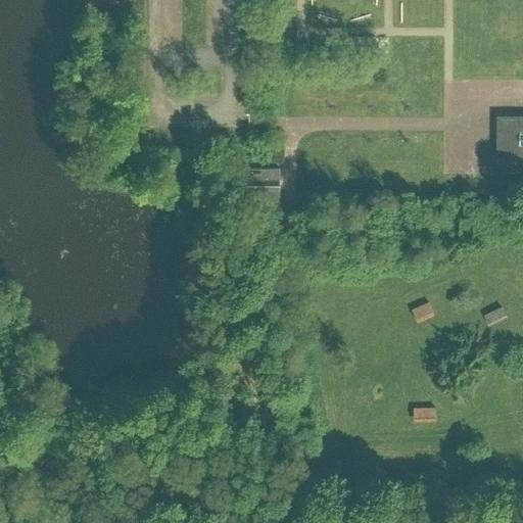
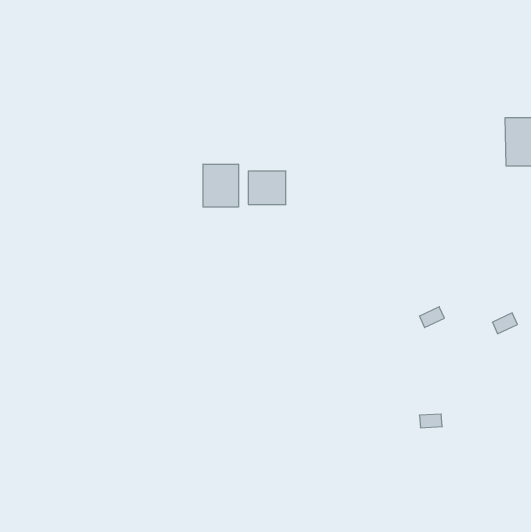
building: none -> [203,164,238,207]

